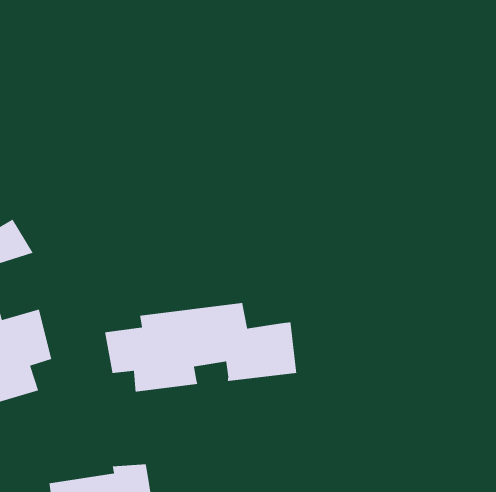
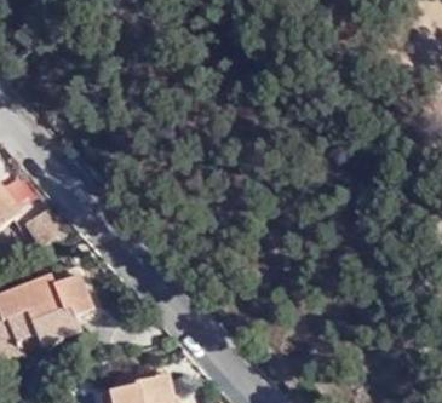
building: [104,302,297,393] -> none

